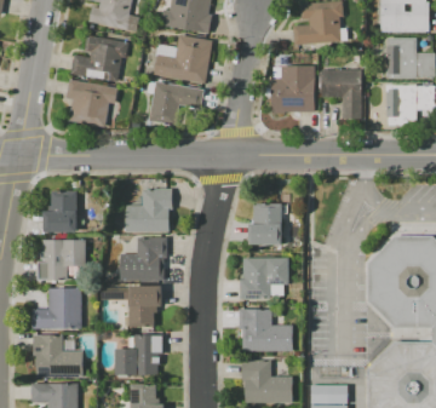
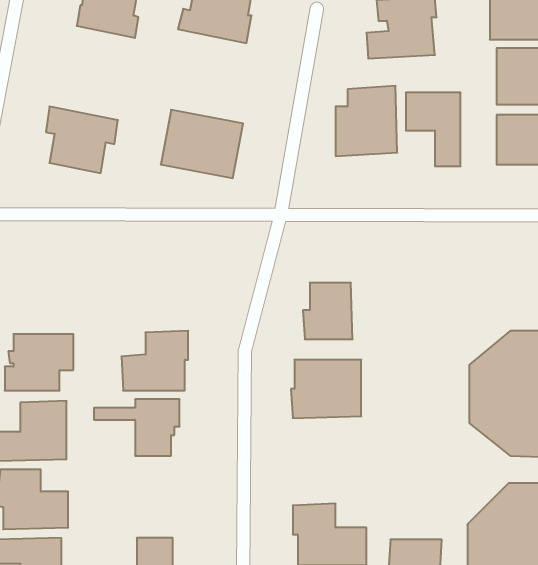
building: [71,30,128,81] -> none
building: [154,35,213,85] -> none
building: [126,189,172,234] -> none
building: [44,190,78,232] -> none
building: [240,310,293,351] -> none
building: [116,333,164,375] -> none

